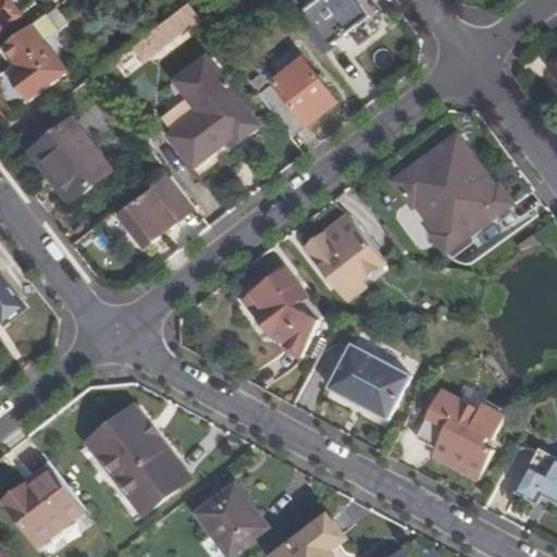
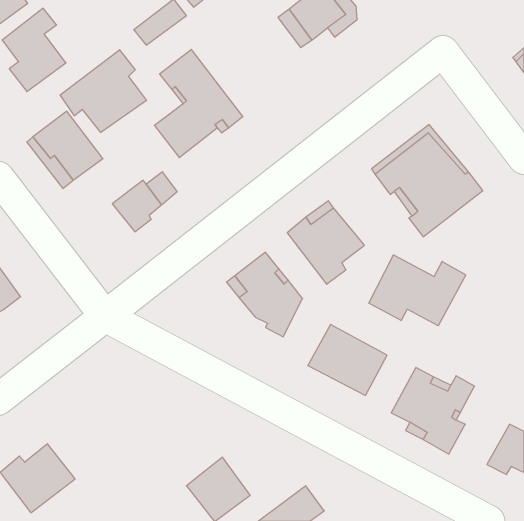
building: none -> [60,50,146,132]
building: [255,57,333,134] -> none
building: none -> [369,255,466,326]
building: [85,405,187,513] -> none

